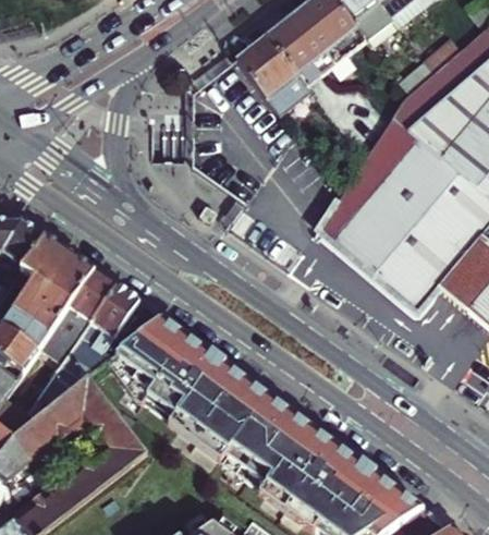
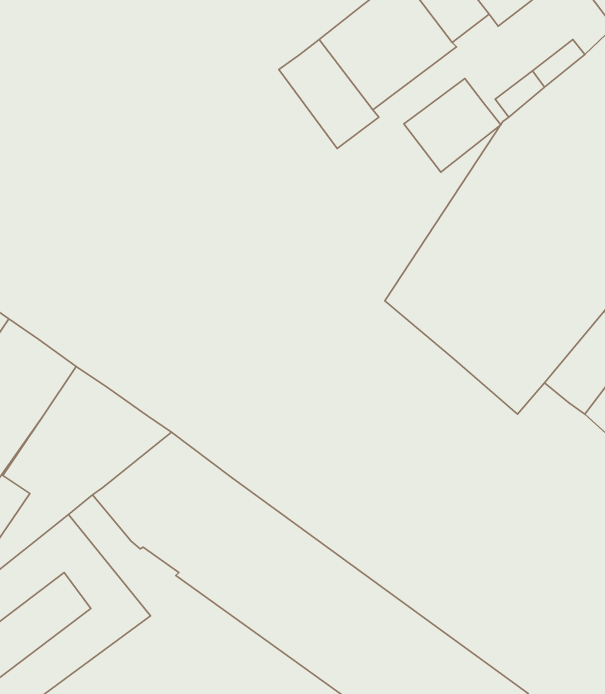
building: none -> [404,79,501,172]

